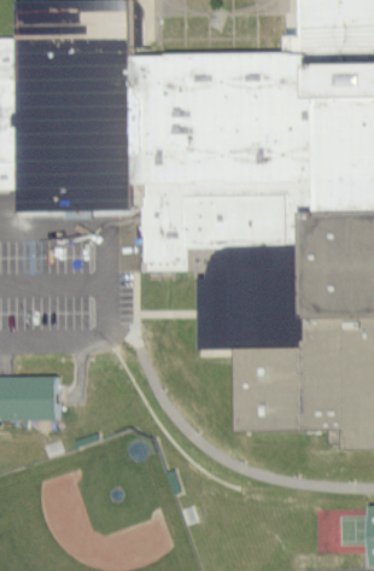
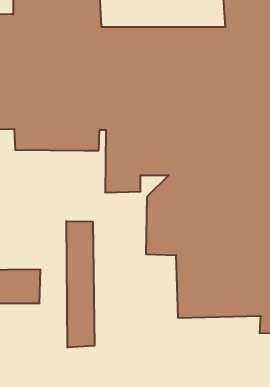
building: none -> [66,221,95,348]

